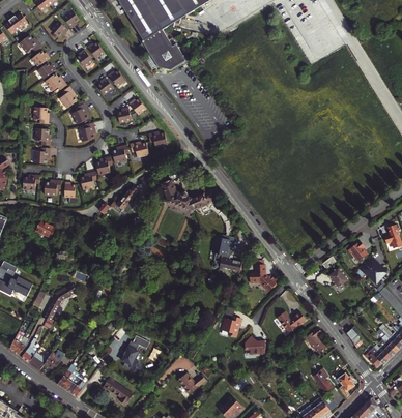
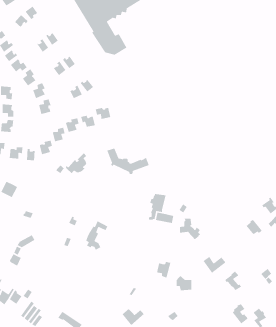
building: [121,334,149,371] -> [85,220,108,251]

